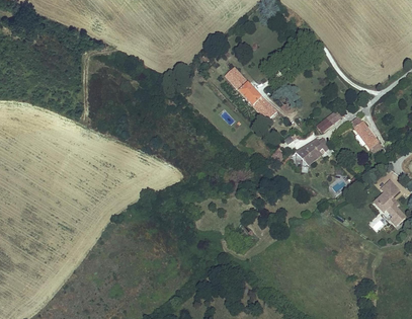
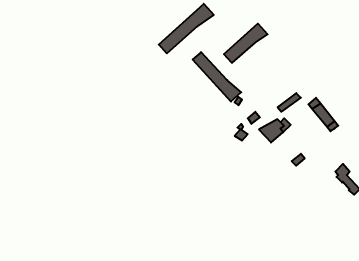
building: none -> [159,4,214,53]
building: none -> [224,24,268,63]

